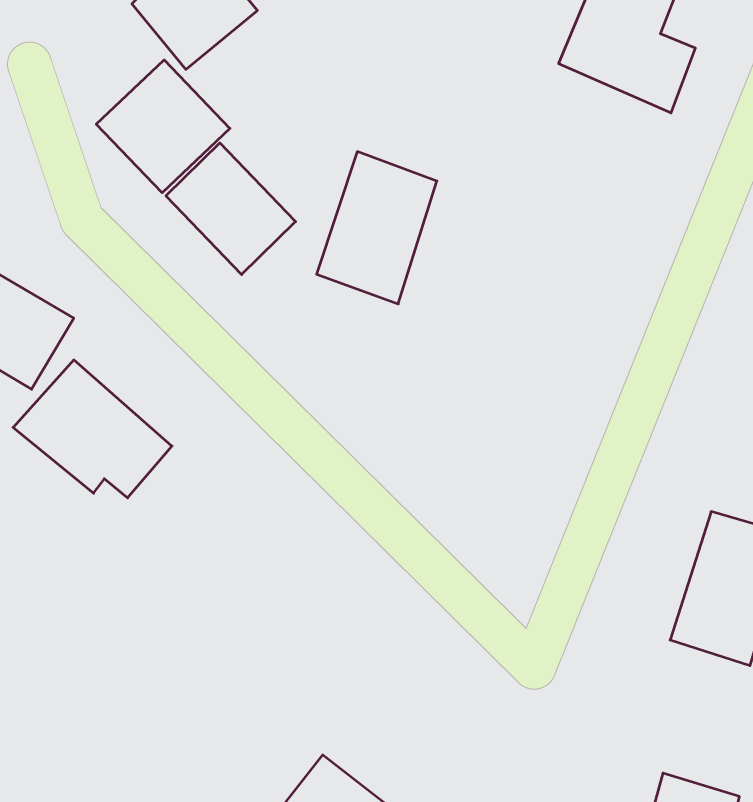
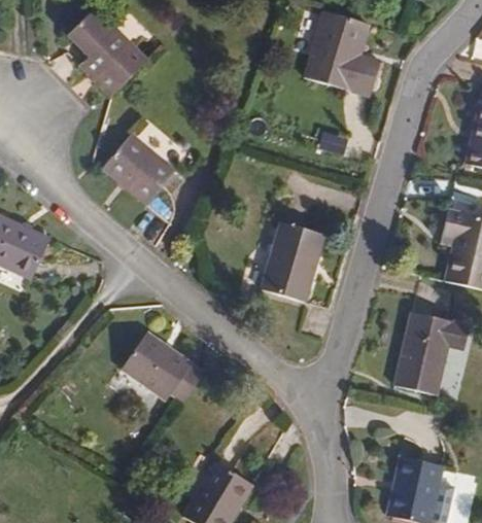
building: [96,60,230,193] -> none
building: [317,152,437,304] -> [263,223,323,304]
building: [13,360,172,498] -> [117,327,204,399]

